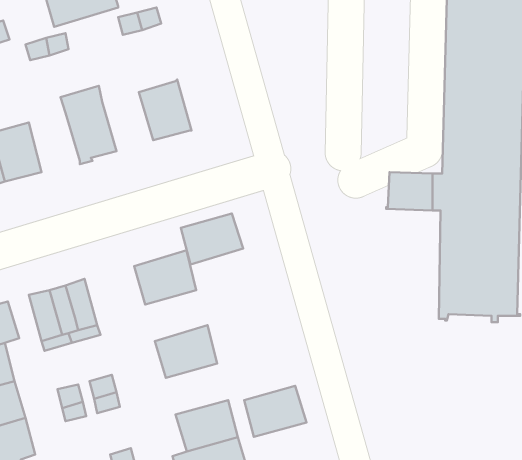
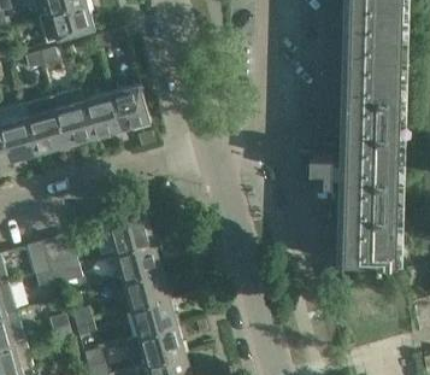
building: none -> [83,94,122,139]
building: none -> [28,110,66,154]
building: [181,213,243,265] -> [116,244,163,282]
building: [244,386,306,437] -> [131,299,178,338]

